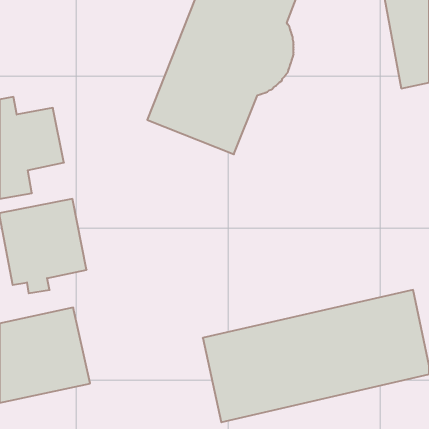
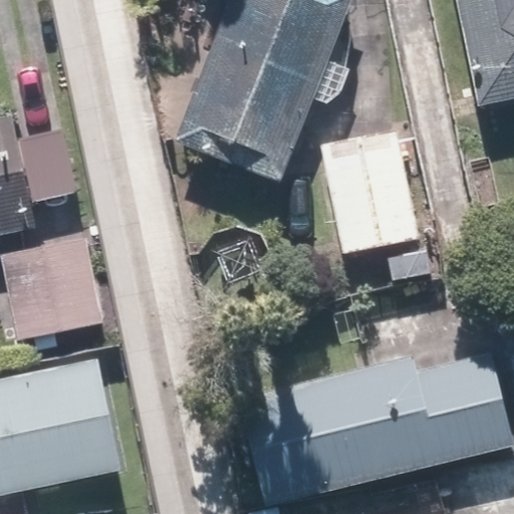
building: none -> [318,128,418,255]

